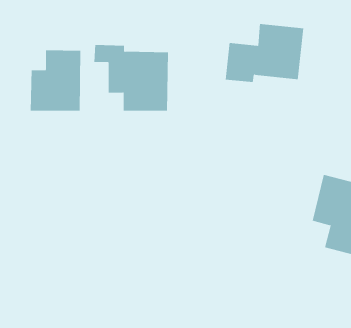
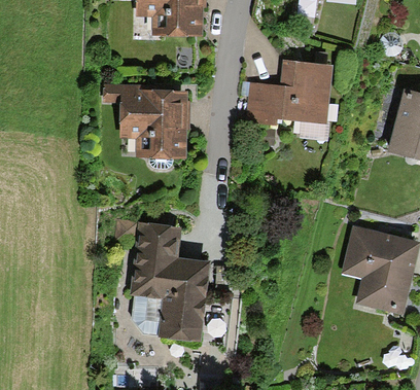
building: [30,50,81,112] -> none
building: none -> [131,222,209,338]

